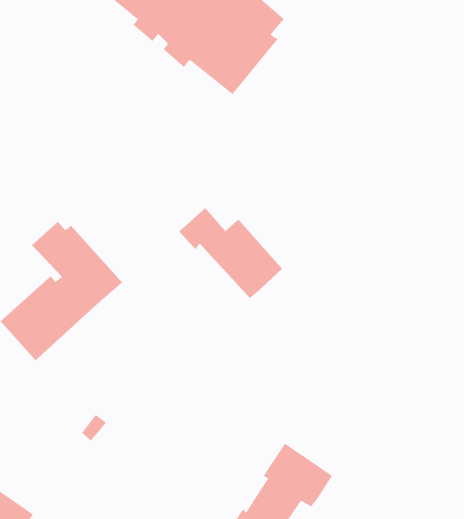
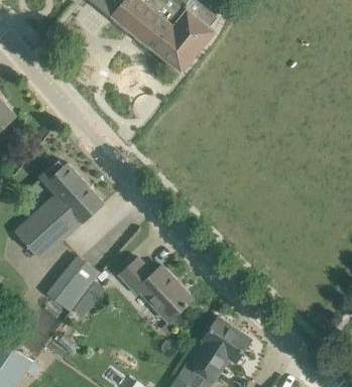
building: [178,207,283,299] -> [118,256,192,320]
building: none -> [47,256,99,310]

